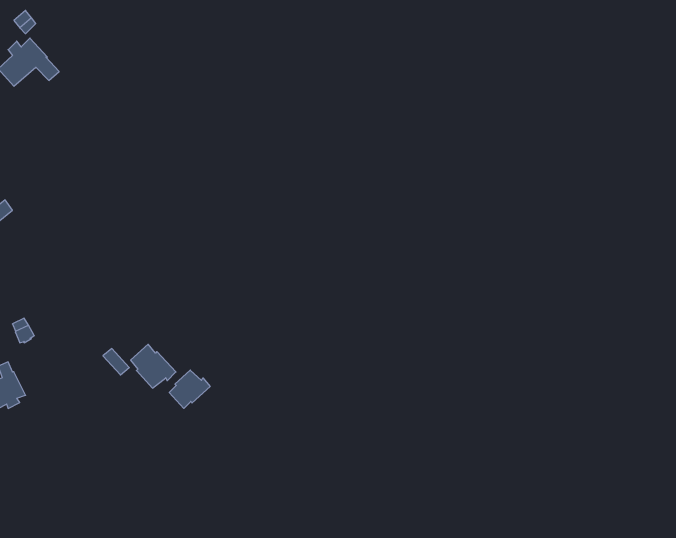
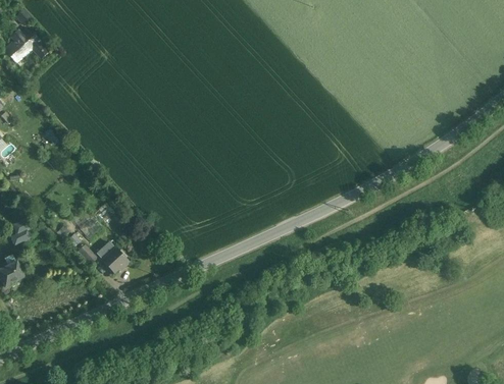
building: [169,370,210,408] -> none

